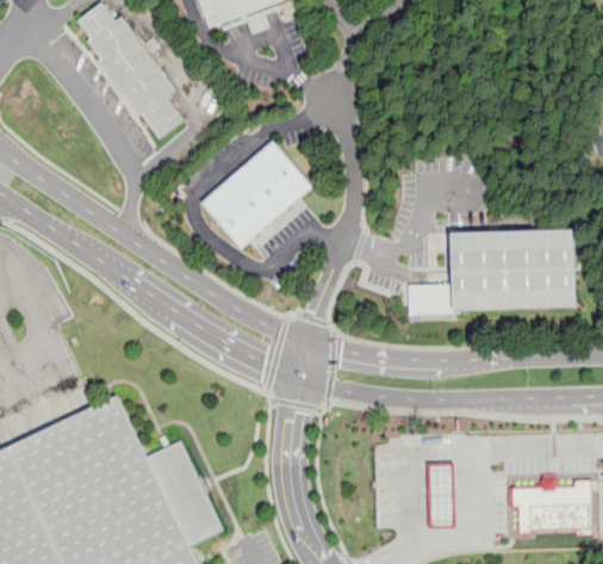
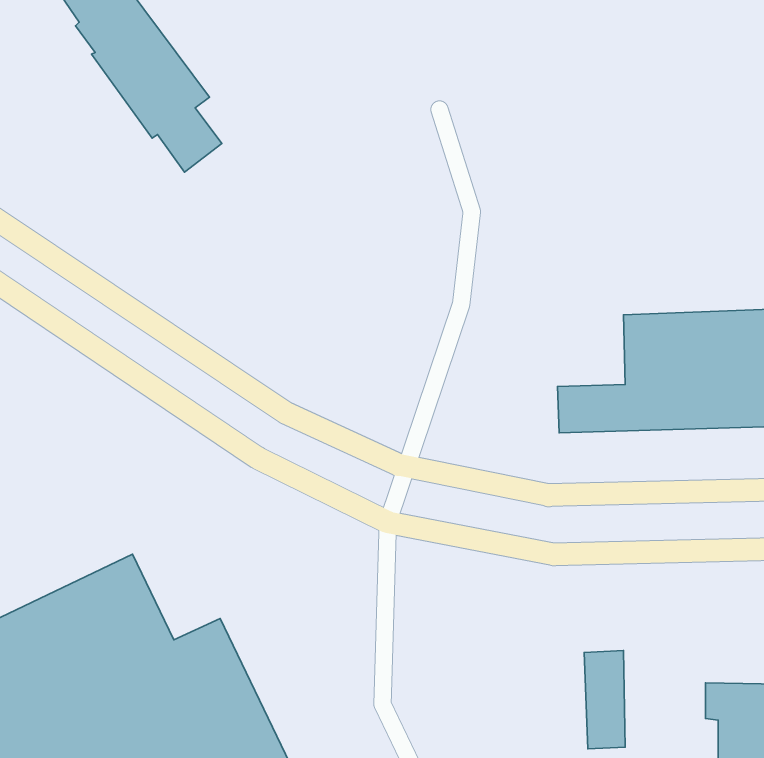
building: [199,142,310,249] -> none

